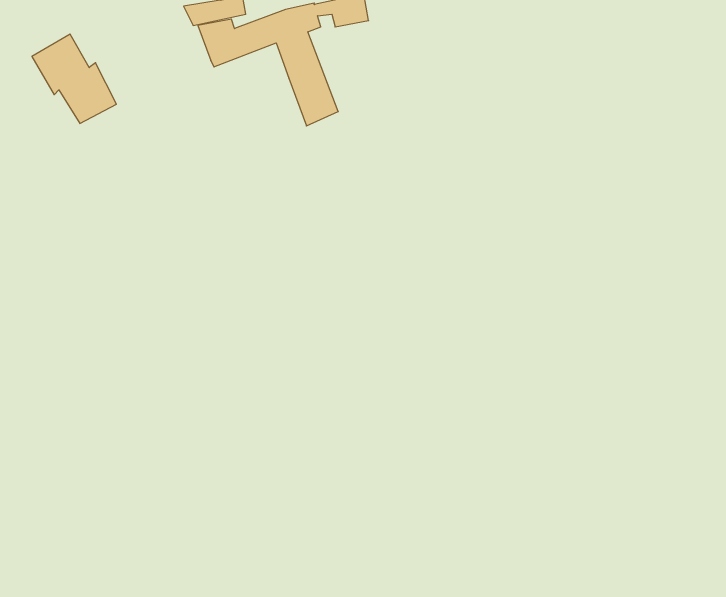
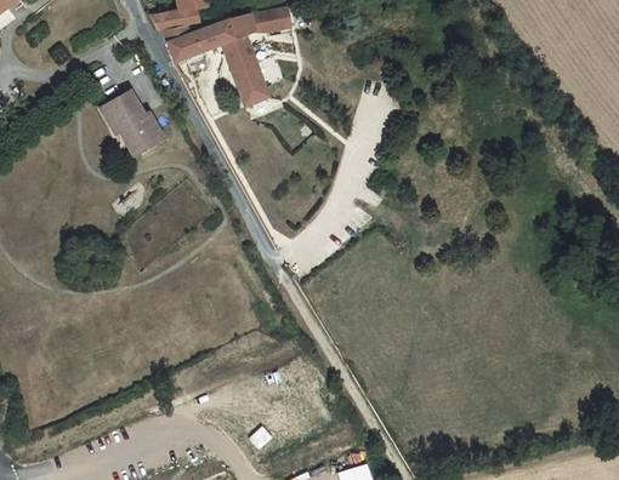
building: [32,34,116,123] -> [100,90,164,158]

